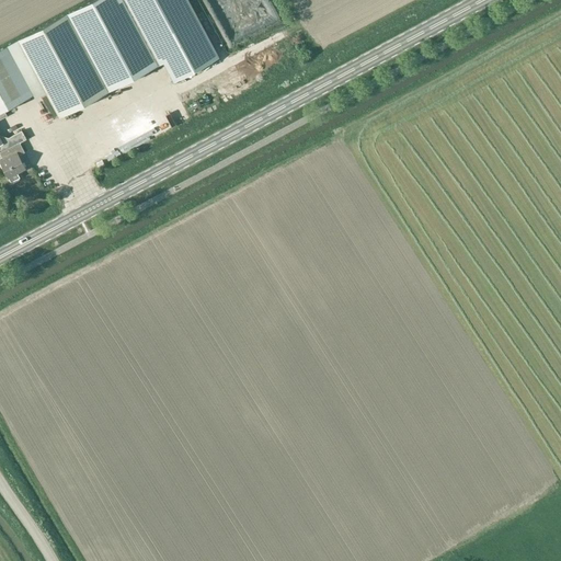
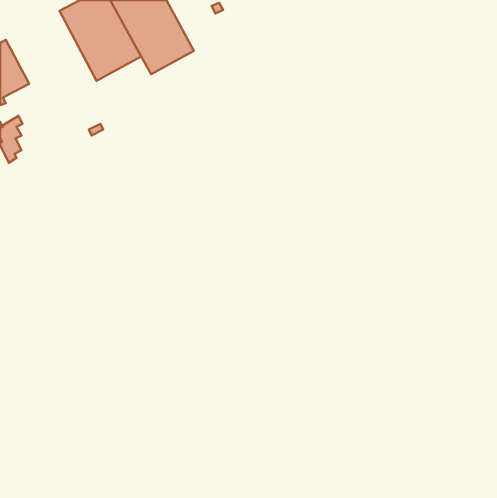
building: [18,12,110,117] -> none

